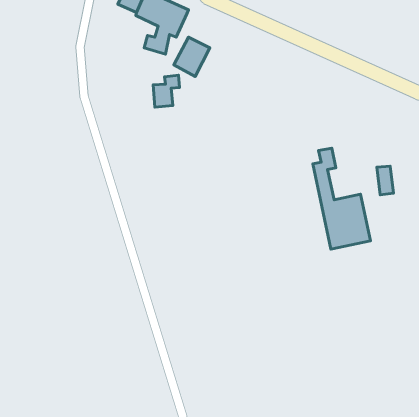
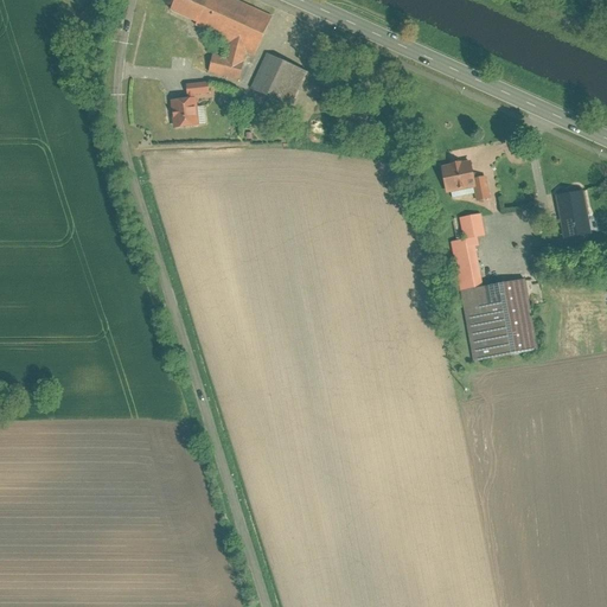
building: [153,75,179,107] -> [171,83,209,129]
building: none -> [446,161,490,203]
building: [377,166,393,195] -> [560,190,583,231]

